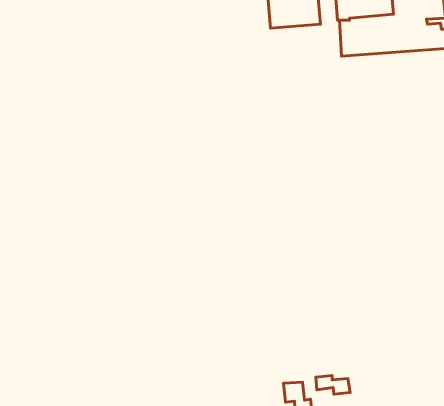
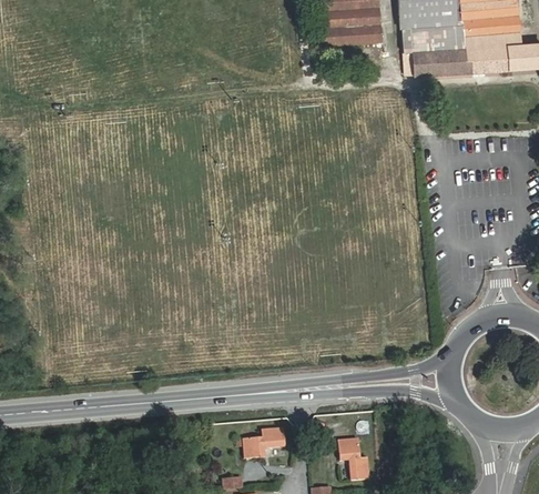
building: none -> [244,429,286,458]
building: [316,375,350,394] -> none

